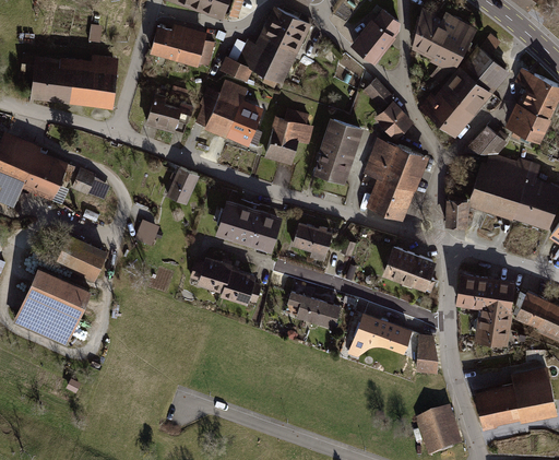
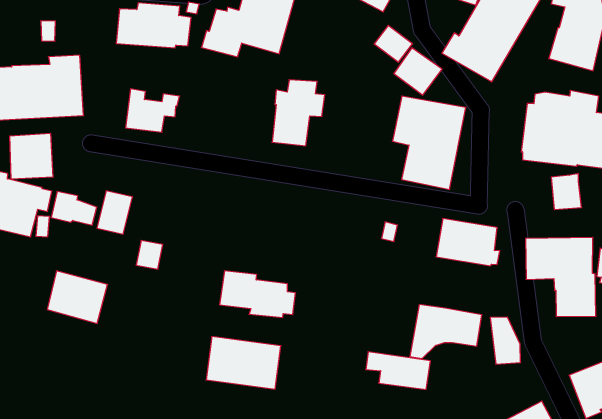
building: [195,80,264,146] -> none
building: none -> [10,133,53,179]
building: [313,117,365,186] -> none
building: [463,126,508,155] -> none
building: [166,166,200,204] -> [97,191,133,234]
building: [216,200,283,252] -> [206,337,281,389]
building: [444,200,469,229] -> [551,174,582,210]
building: [292,223,333,262] -> none
building: [13,267,92,346] -> none
building: [287,291,342,330] -> [366,352,430,389]

